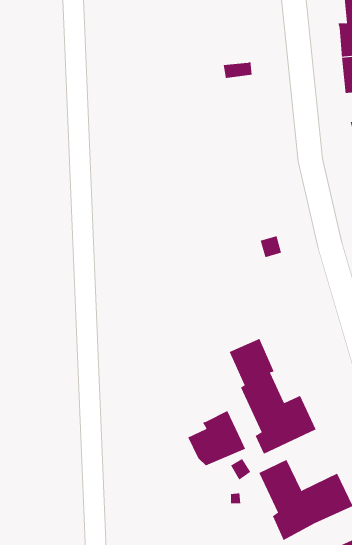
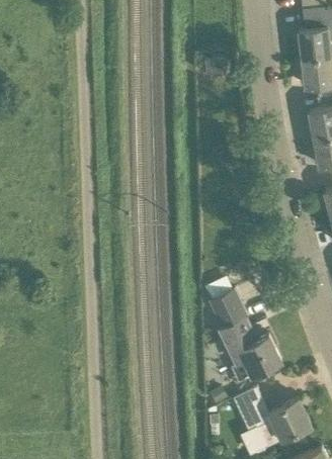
building: [188,410,246,466] -> none

